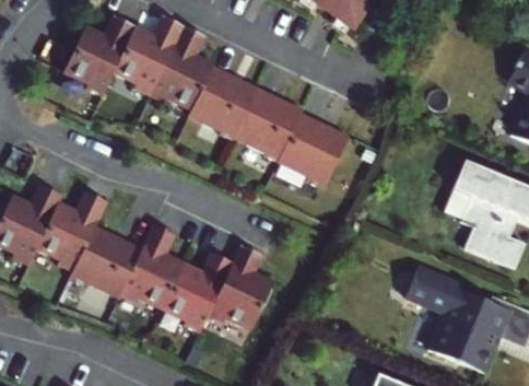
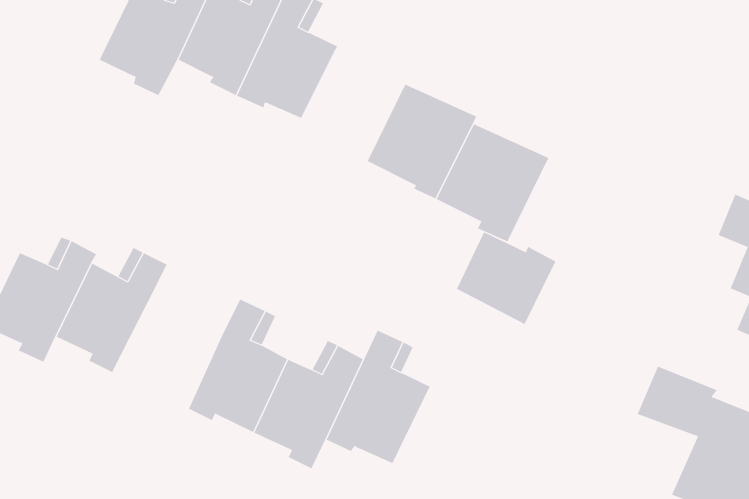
building: [189,66,258,140] -> none
building: none -> [456,231,556,325]
building: [69,226,141,299] -> none

